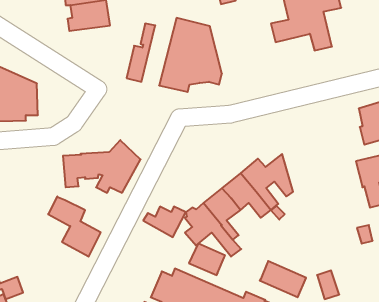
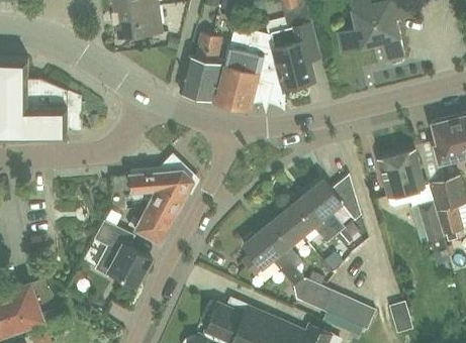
building: none -> [271,25,313,87]
building: none -> [196,34,221,100]
building: none -> [378,149,443,242]
building: [143,207,186,237] -> [128,211,175,244]
building: [189,244,225,275] -> [295,278,335,313]

